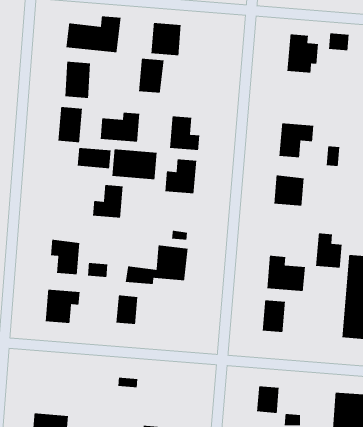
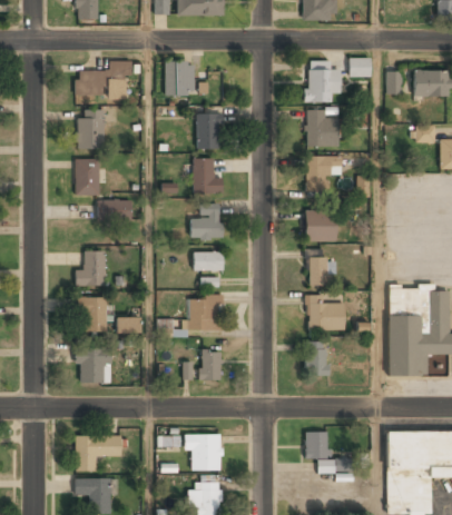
building: [138,58,164,94] -> [197,113,222,149]
building: none -> [306,110,338,147]
building: [100,112,140,143] -> none
building: [111,148,158,180] -> none
building: [92,184,124,219] -> [76,251,106,286]
building: none -> [194,251,224,269]
building: [315,232,343,269] -> [308,249,335,285]
building: [116,295,138,325] -> [200,350,222,380]
building: none -> [76,436,122,473]
building: none -> [186,433,223,468]

